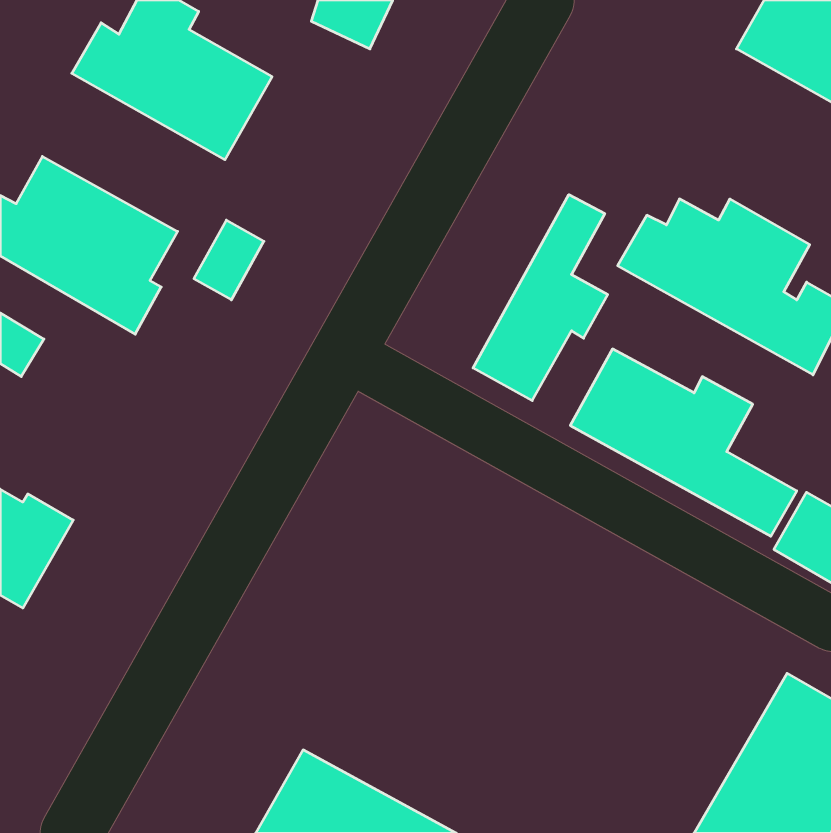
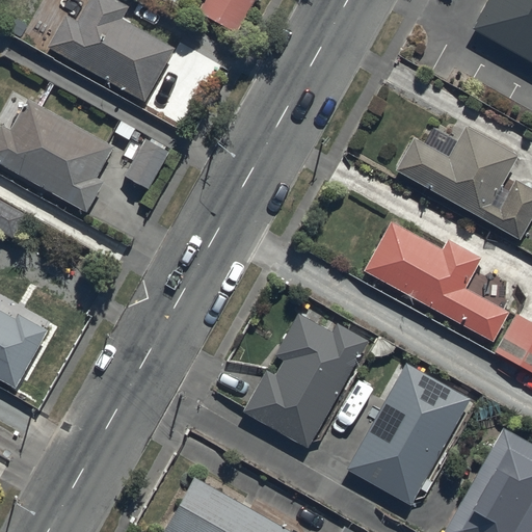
building: [473,195,608,401] -> none
building: none -> [244,315,369,448]
building: none -> [348,365,470,503]

